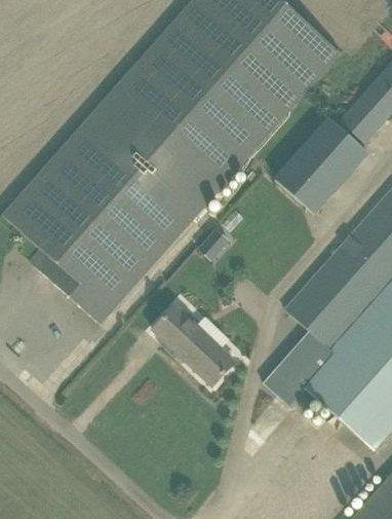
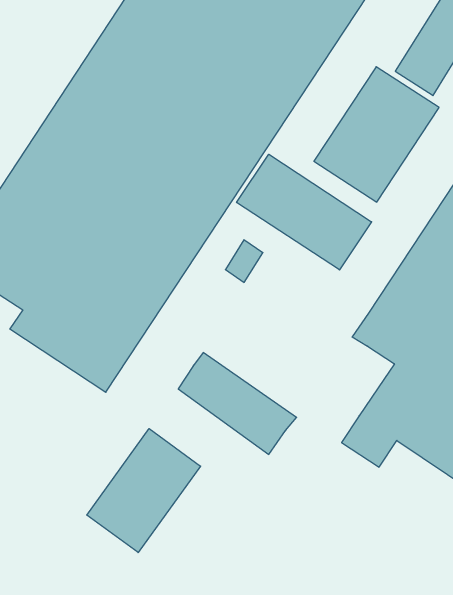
building: none -> [237,154,372,270]
building: none -> [87,429,201,553]

